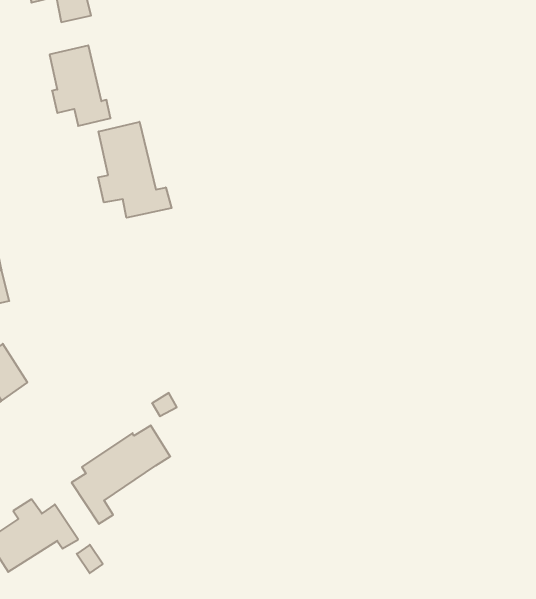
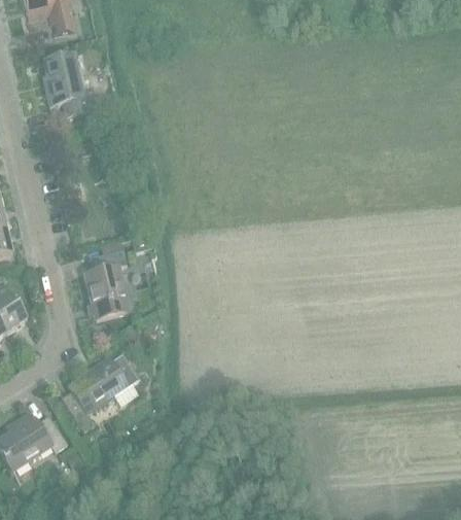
building: [98,122,172,218] -> none
building: none -> [83,249,127,319]

